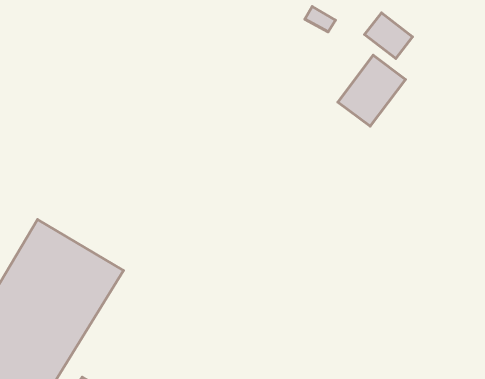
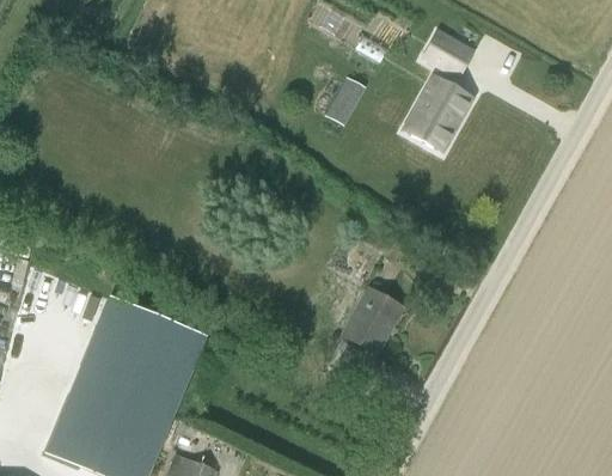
building: none -> [328,73,369,124]
building: none -> [341,288,402,352]

